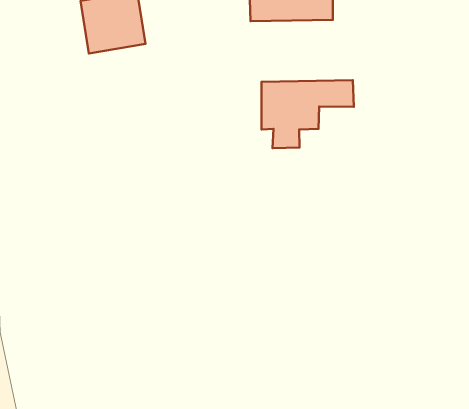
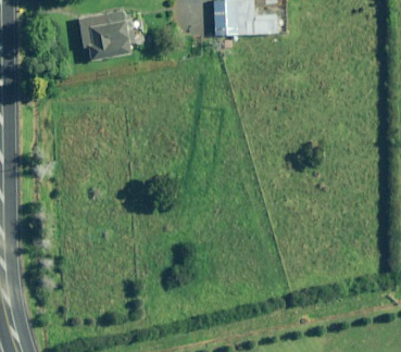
building: [261,80,354,148] -> none

